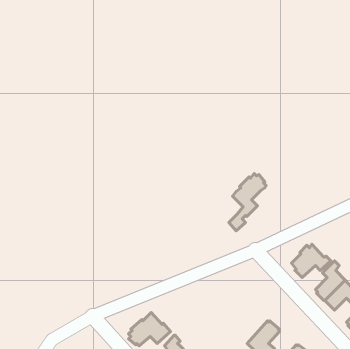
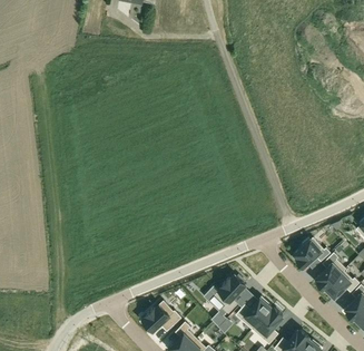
building: [229,173,266,231] -> [211,273,246,326]
building: none -> [236,295,272,329]

